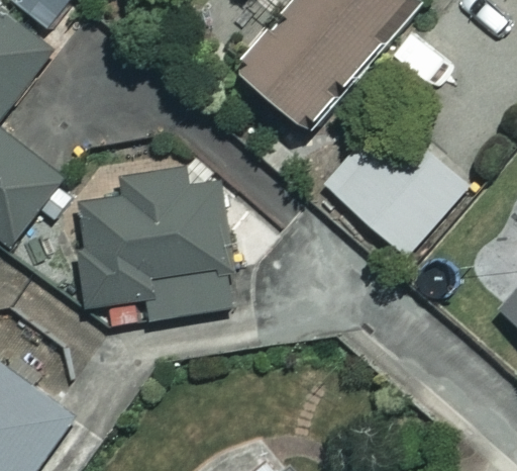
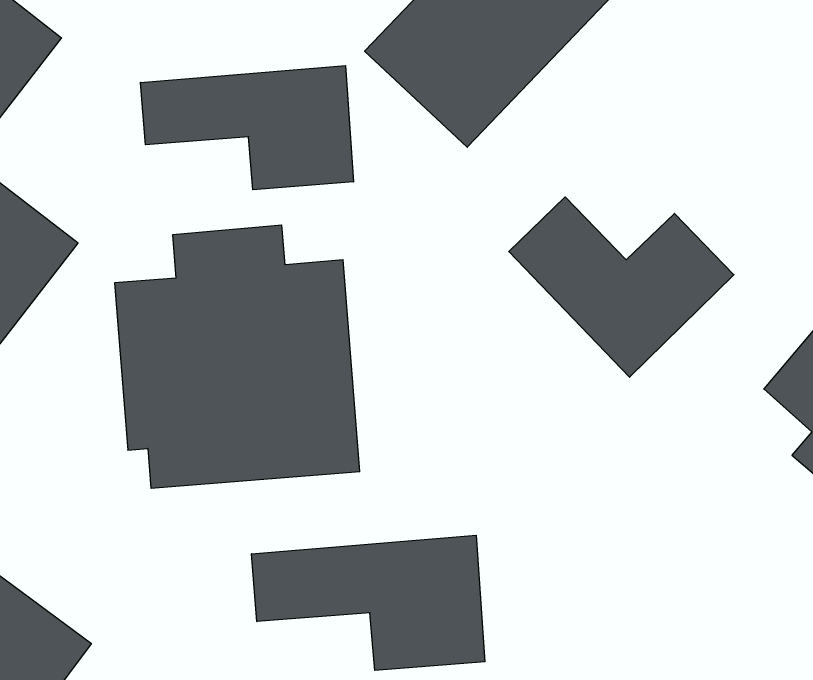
building: none -> [140,66,353,190]
building: none -> [252,535,485,670]

